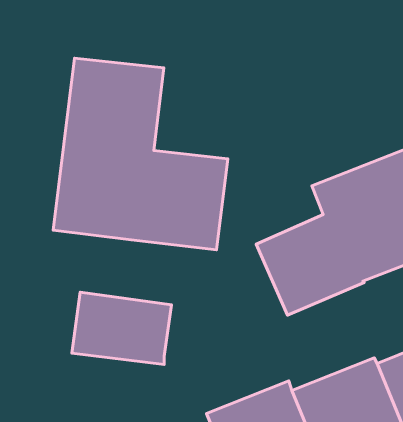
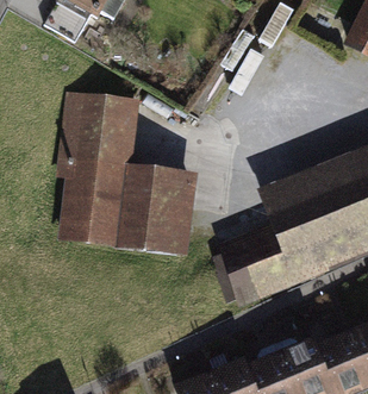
building: [72,292,172,365] -> none

